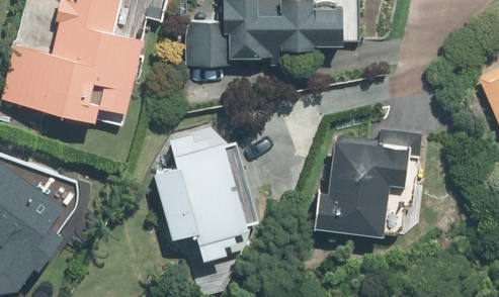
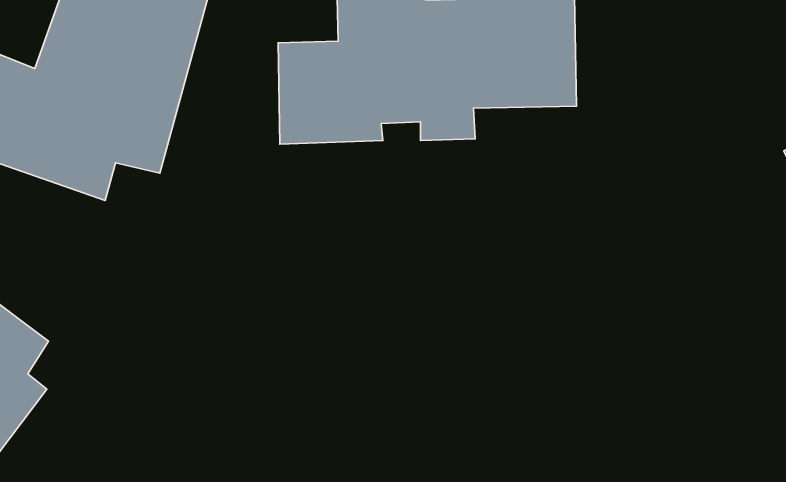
building: [152,113,244,254] -> none
building: [318,120,406,226] -> none

